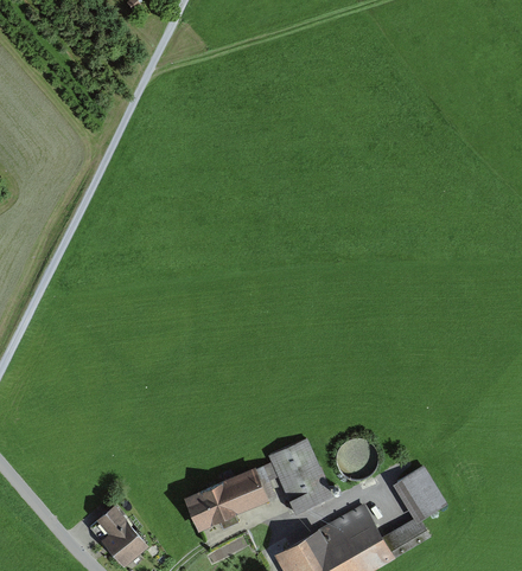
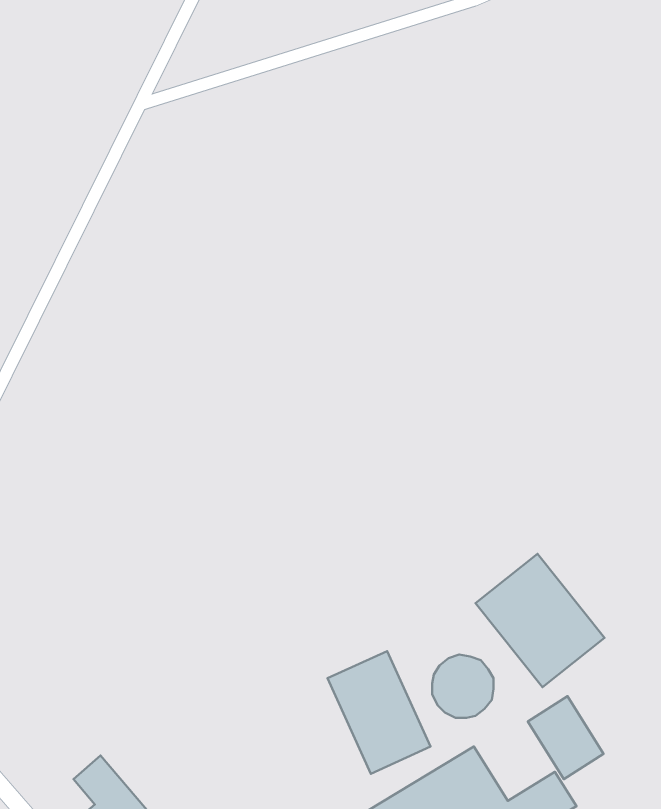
building: none -> [475,554,605,687]
building: [184,468,270,531] -> none

